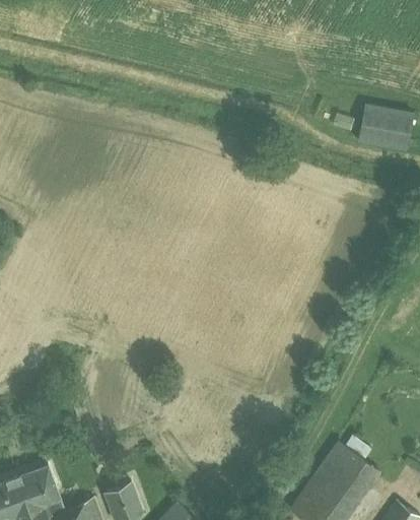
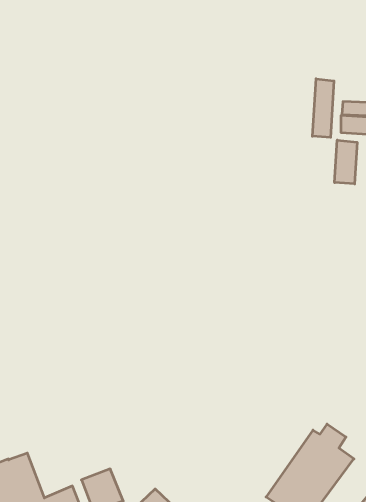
building: none -> [312,79,334,137]
building: none -> [335,140,357,184]

